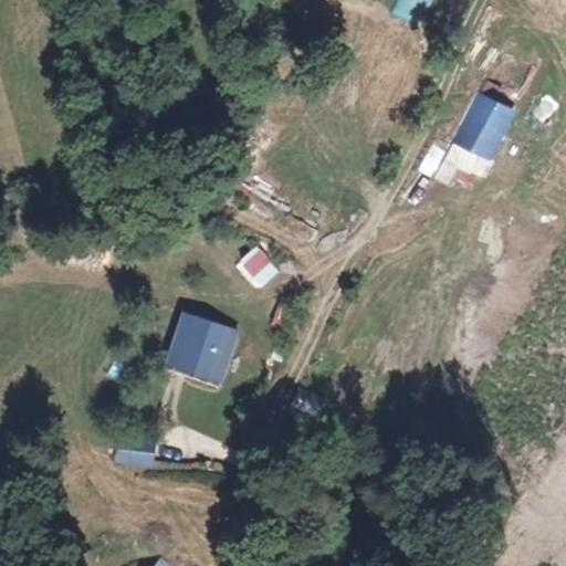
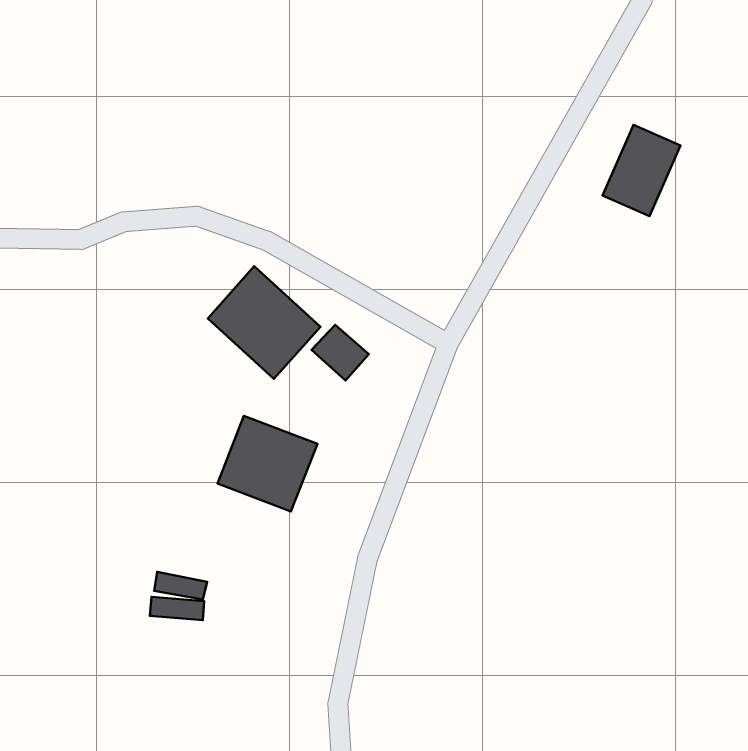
building: none -> [208,266,321,379]

